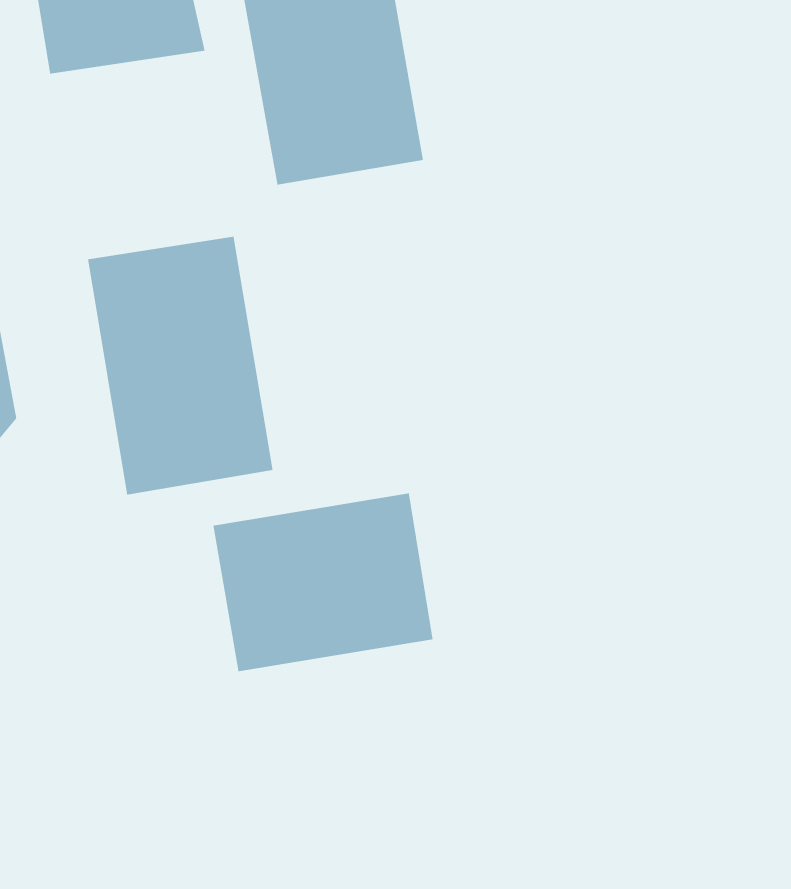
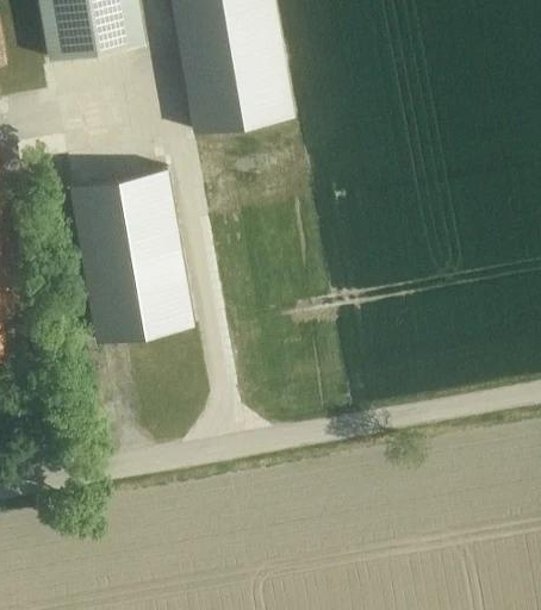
building: [213,492,434,672] -> none

